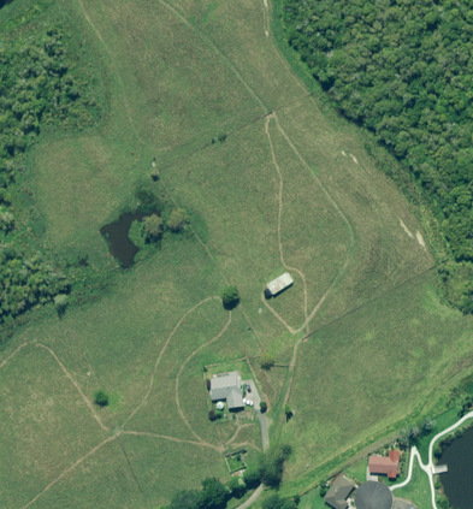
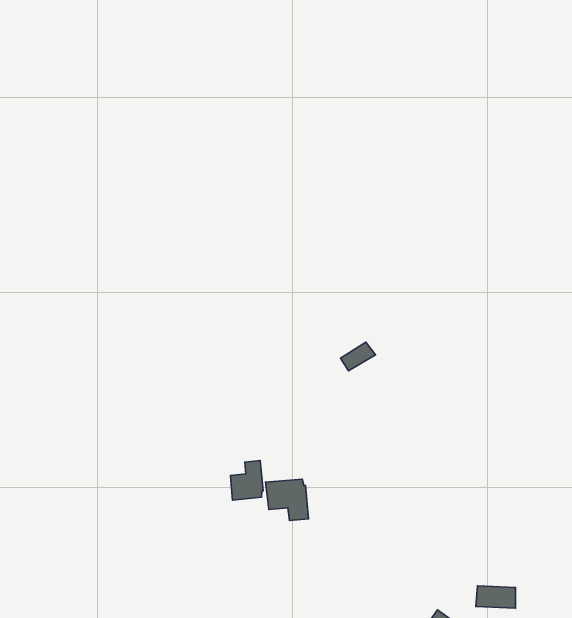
building: none -> [231,461,263,500]

